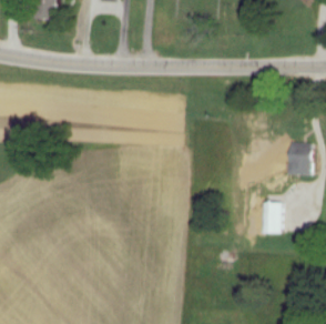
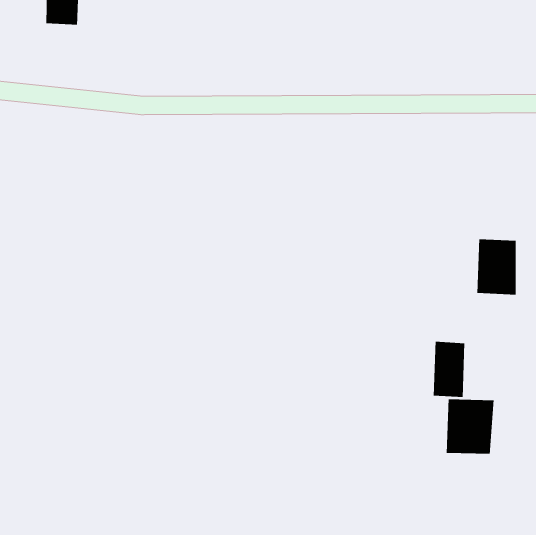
building: none -> [446,399,495,455]

